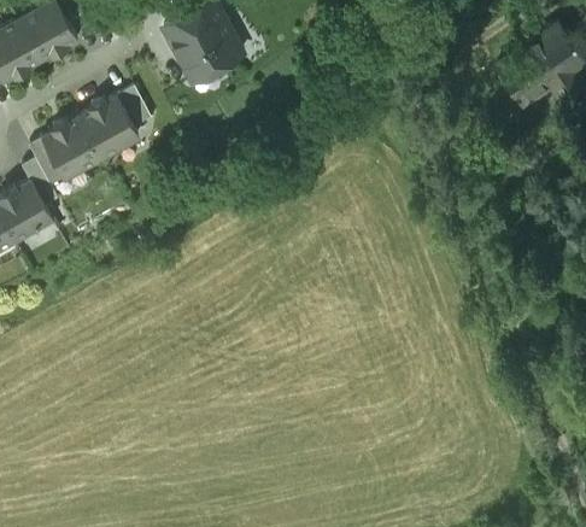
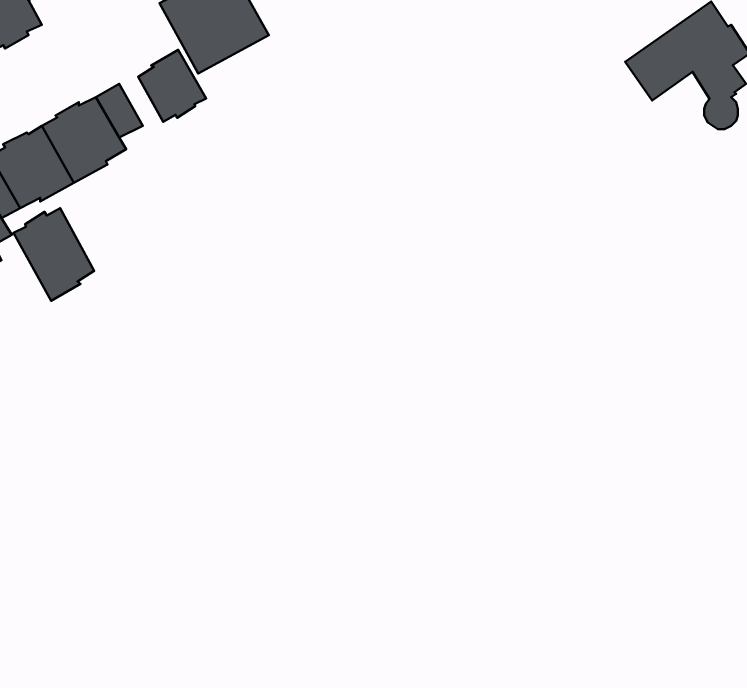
building: none -> [138,50,206,122]
building: none -> [13,208,94,301]

